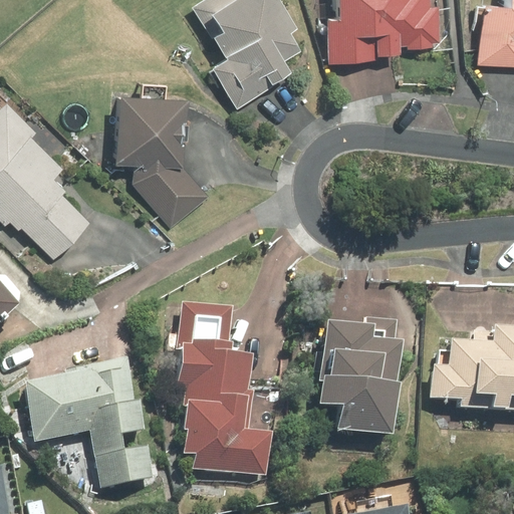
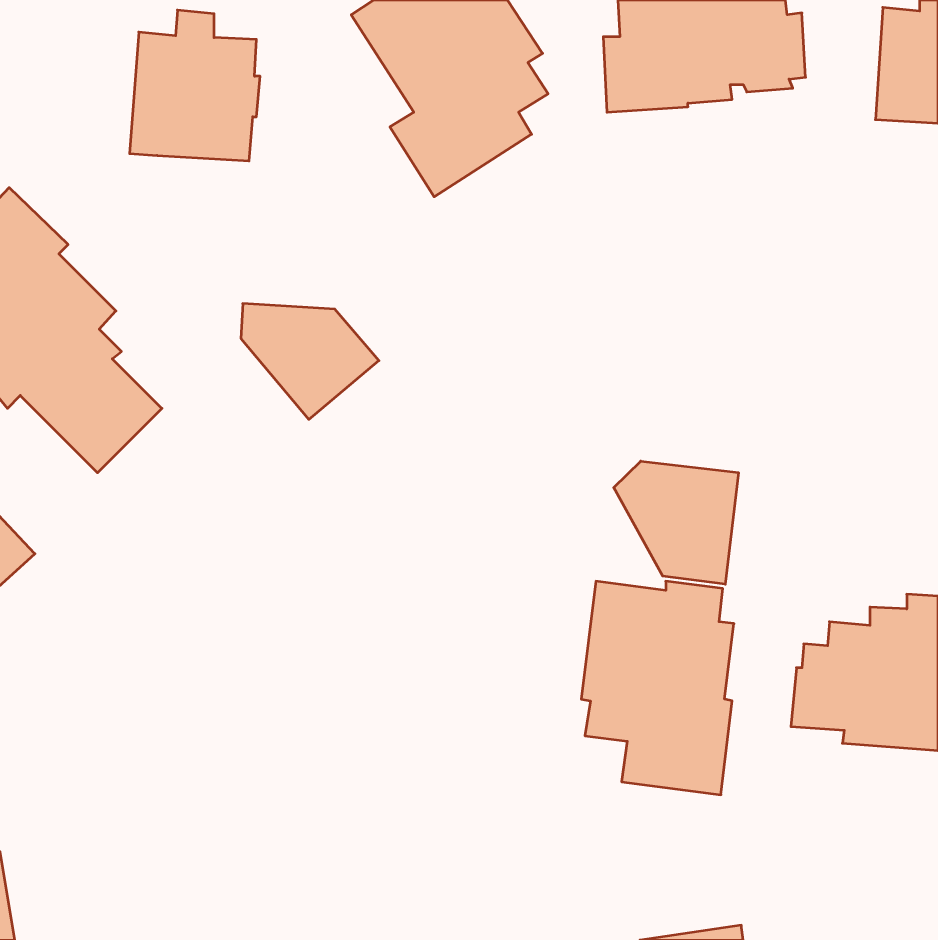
building: [117,86,189,169] -> [130,10,260,161]
building: none -> [614,461,738,584]
building: [175,299,271,476] -> none
building: [25,357,155,487] -> none

